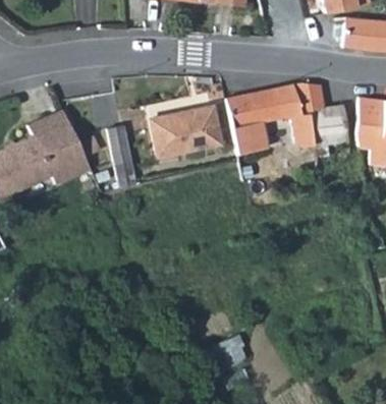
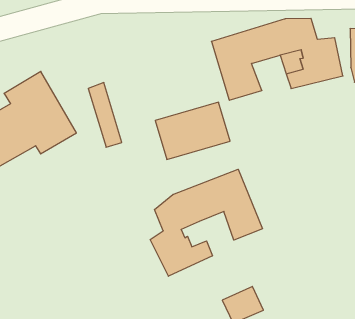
building: [152,108,220,157] -> [155,102,230,159]
building: none -> [150,169,262,276]

